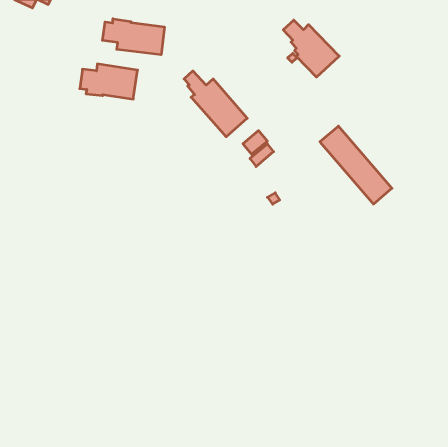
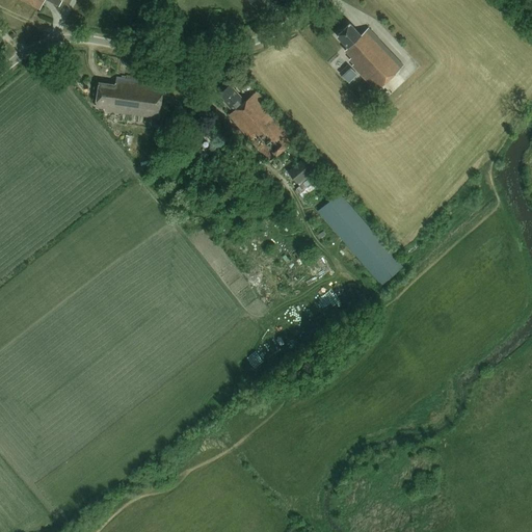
building: [102,19,164,55] -> none
building: [320,126,392,204] -> [318,192,403,285]

